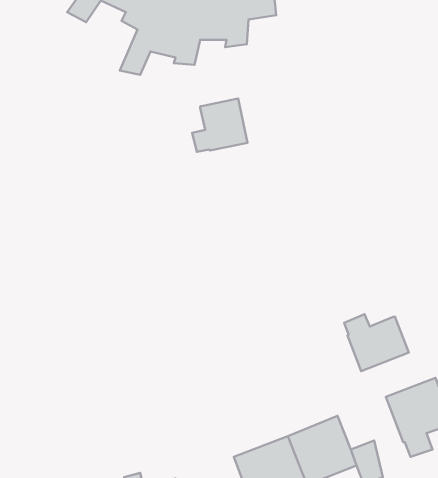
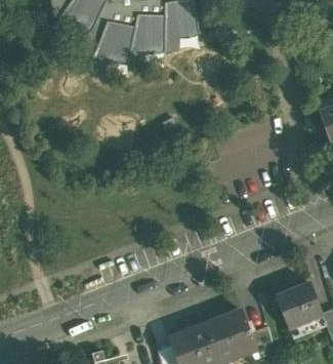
building: [192,98,247,152] -> none
building: [344,314,409,371] -> none

